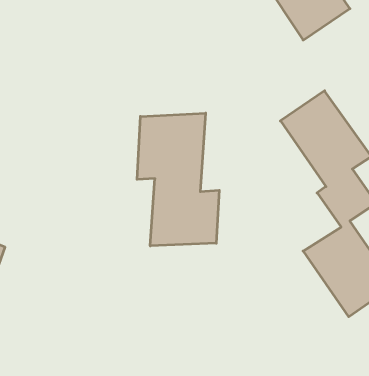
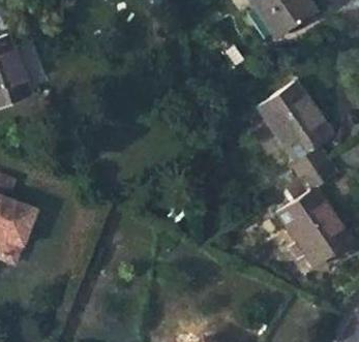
building: [137,113,219,246] -> none

